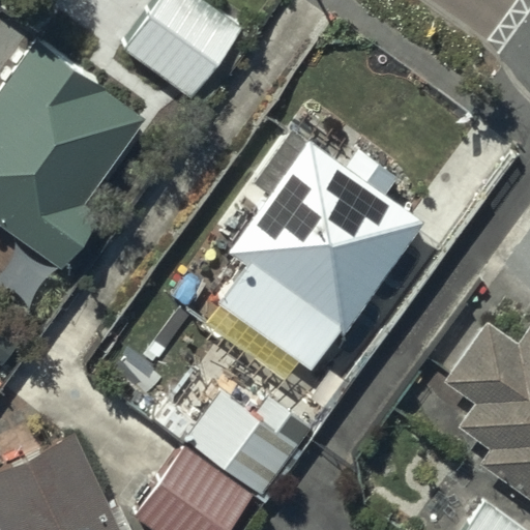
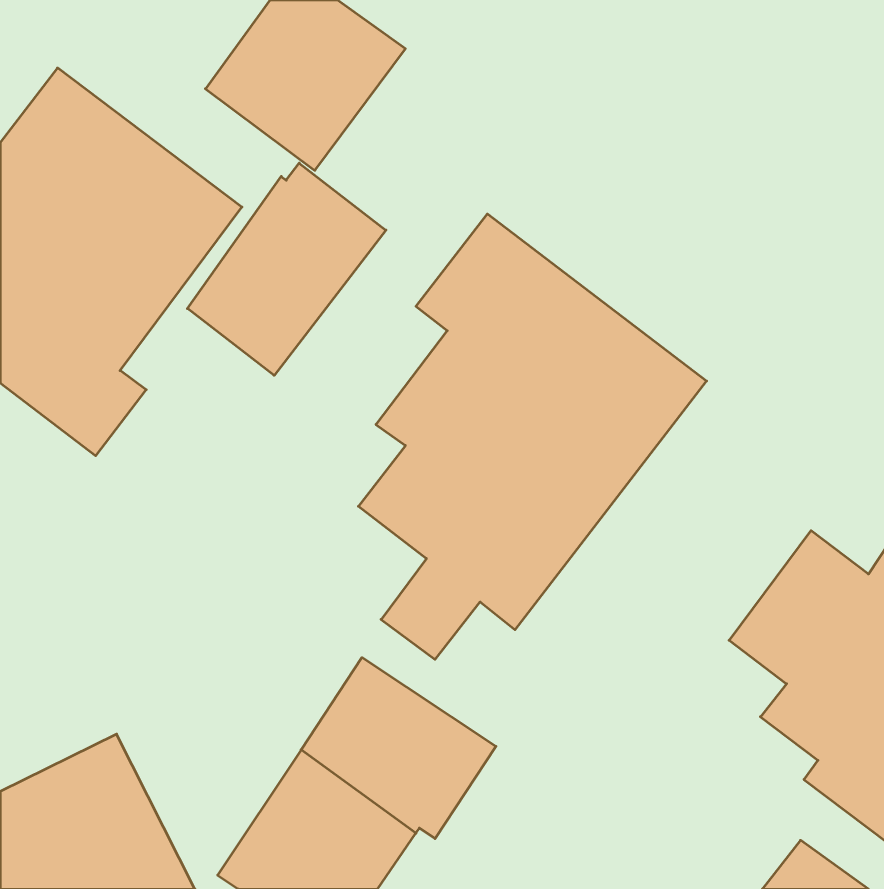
building: none -> [187,163,386,375]

